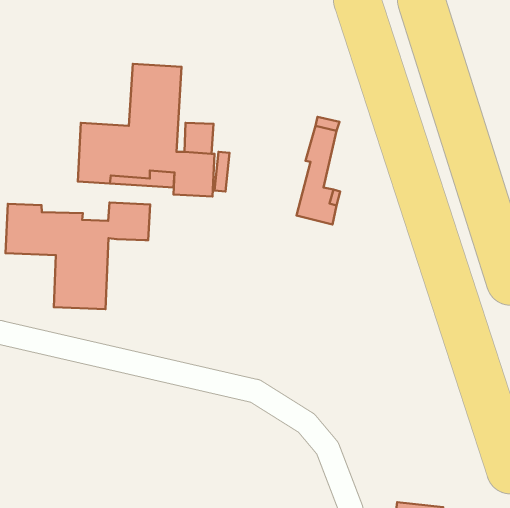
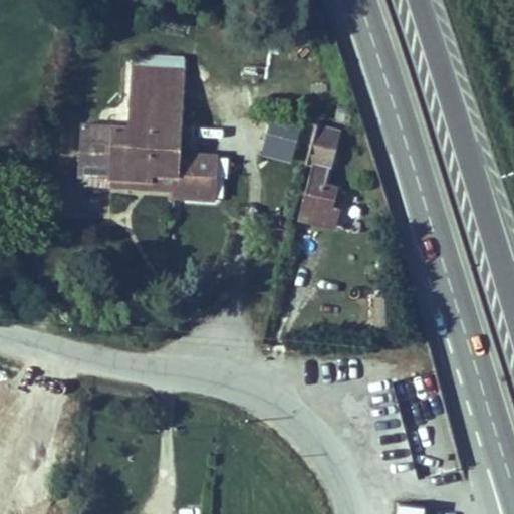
building: none -> [261,116,301,161]
building: [5,202,150,309] -> none

